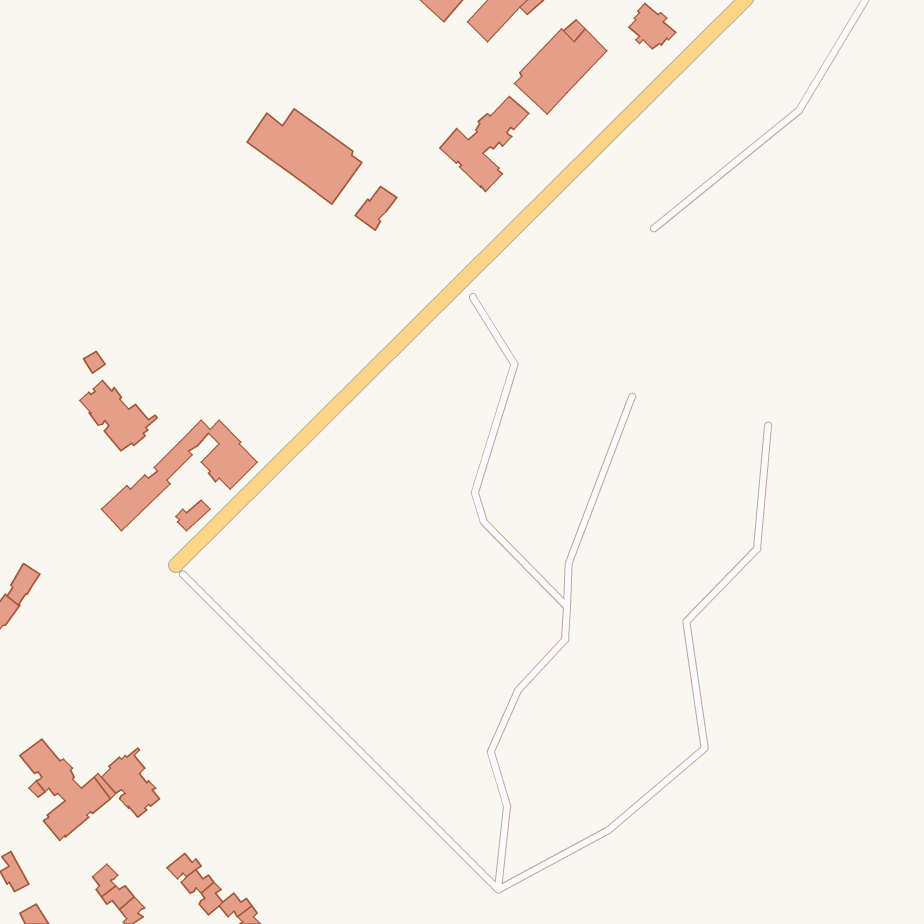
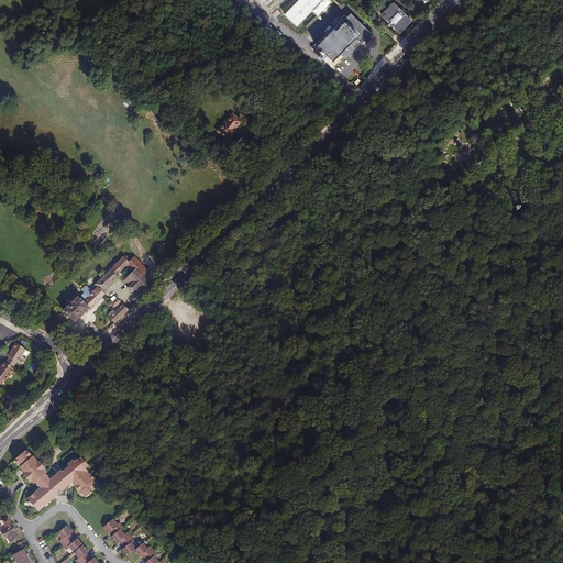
building: [440,96,529,191] -> none
building: [247,109,362,204] -> none
building: [80,381,157,451] -> none

